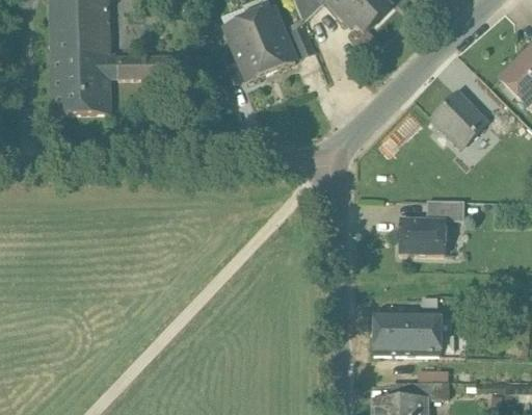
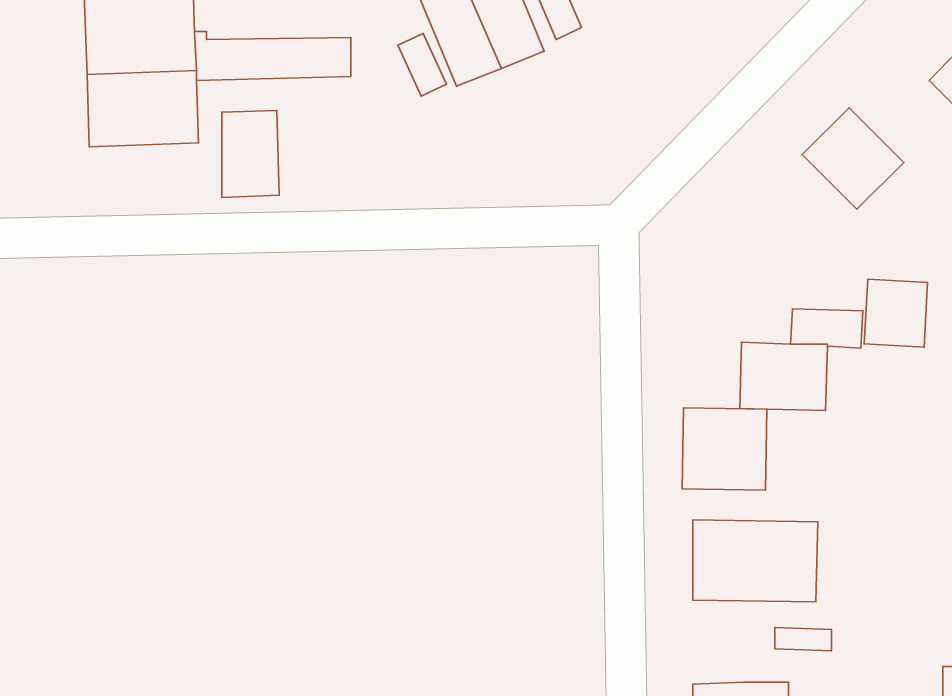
building: none -> [222,111,279,197]
building: none -> [864,279,928,347]
building: none -> [682,408,767,490]
building: [401,381,448,398] -> none

